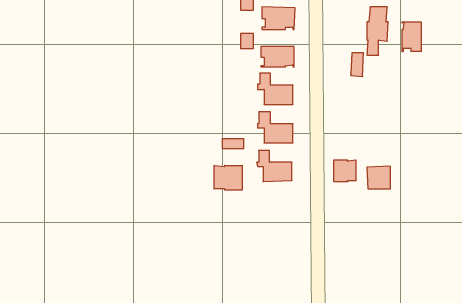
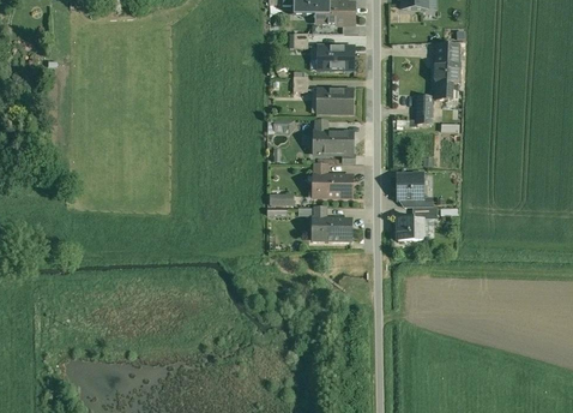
building: [402,22,421,52] -> none
building: [214,165,242,190] -> none
building: [367,166,390,189] -> [396,173,422,198]

